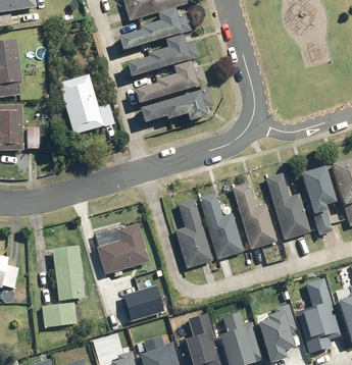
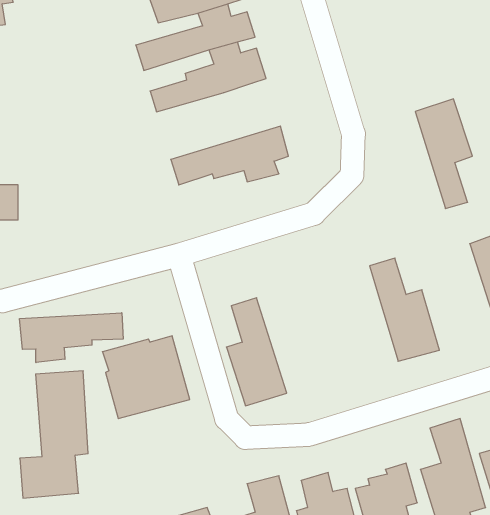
building: [132,60,207,106] -> none
building: [58,72,115,136] -> none
building: [299,165,336,236] -> [415,99,472,209]
building: [232,182,276,248] -> none
building: [198,192,243,258] -> none
building: none -> [20,313,123,363]
building: [119,283,164,322] -> none

